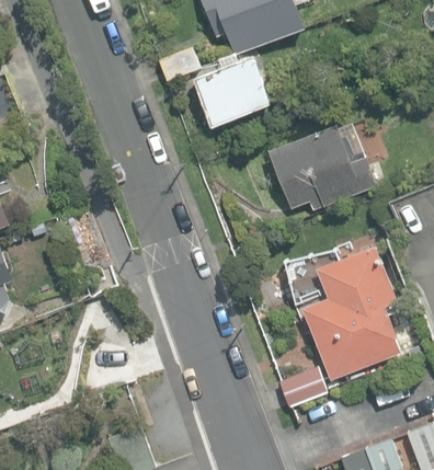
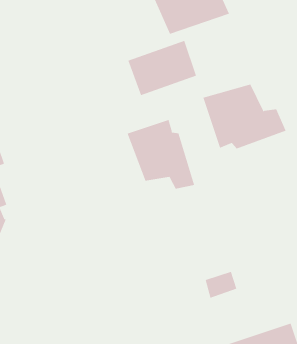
building: none -> [127,119,195,189]
building: [298,248,402,386] -> none

